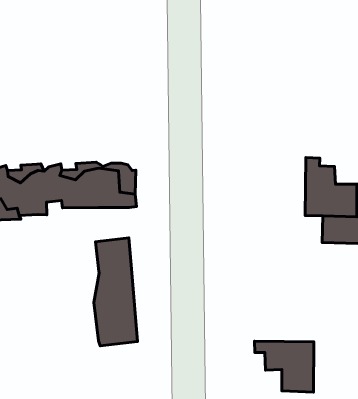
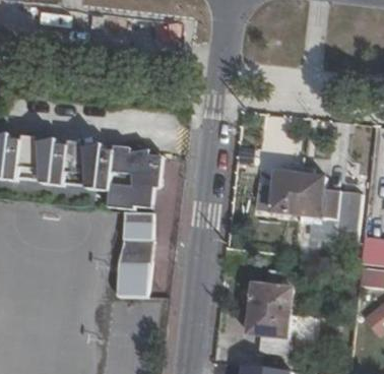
building: none -> [257,164,302,211]
building: none -> [87,176,154,210]
building: none -> [243,267,297,314]

